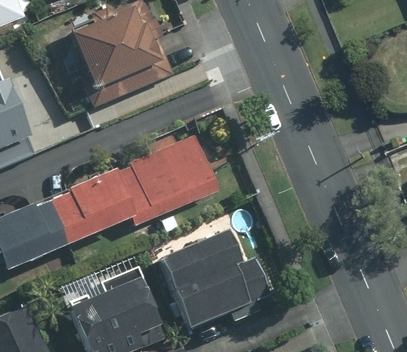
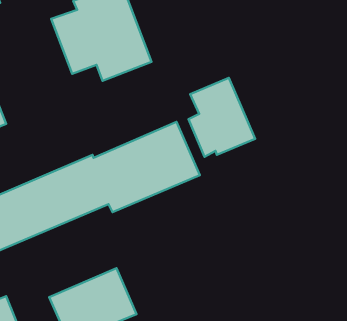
building: none -> [189,78,255,157]
building: [158,231,271,329] -> none

